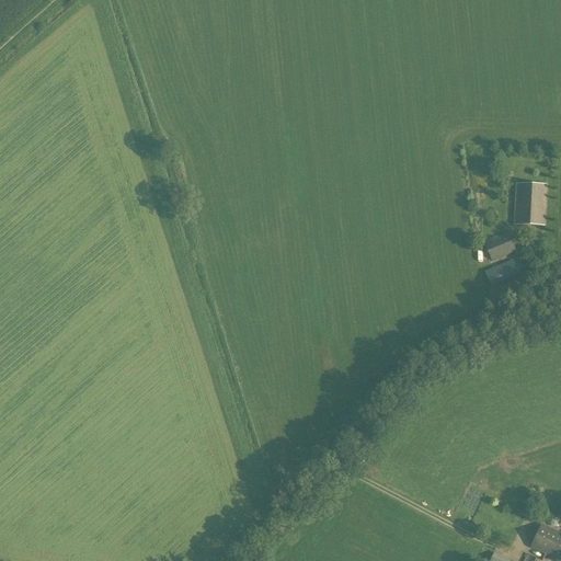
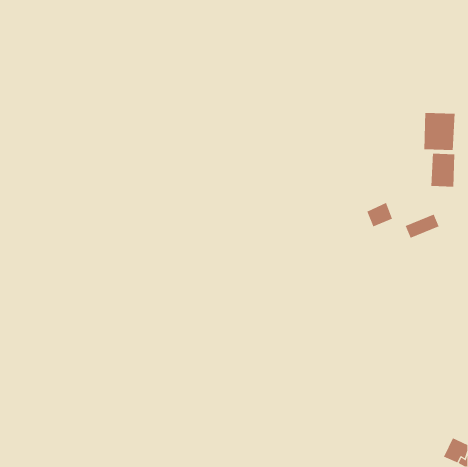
building: none -> [424,112,455,151]
building: [484,230,516,260] -> [366,202,393,227]

